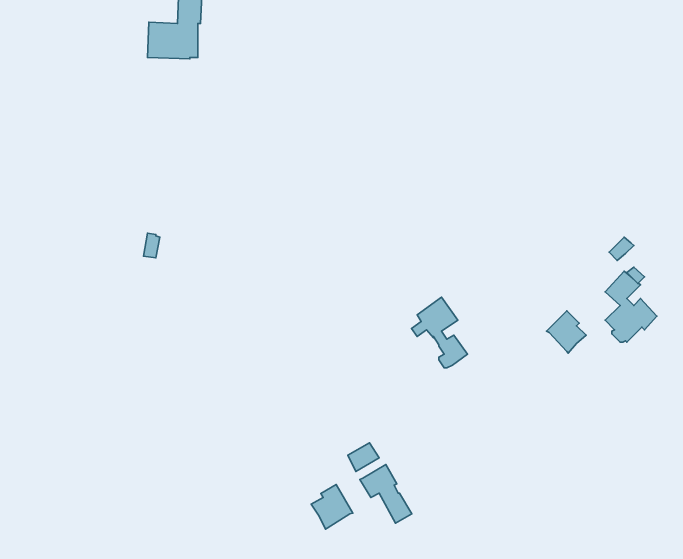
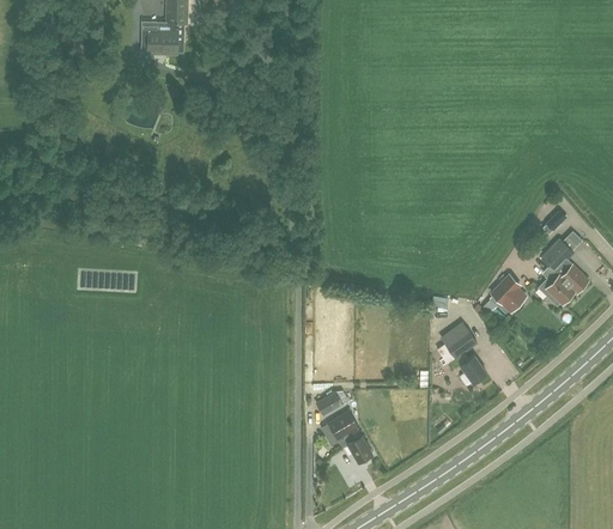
building: [412,297,467,368] -> [436,321,485,383]
building: [311,485,353,529] -> none

